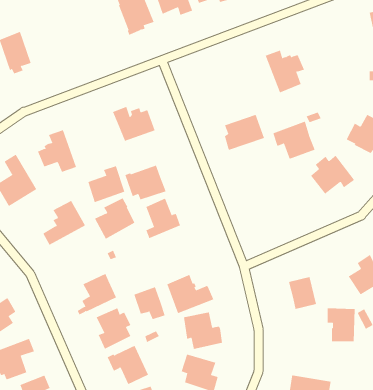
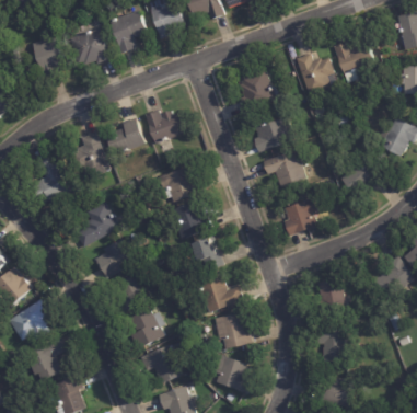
building: none -> [108,9,146,53]
building: none -> [67,26,109,64]
building: none -> [333,39,374,74]
building: none -> [238,68,283,113]
building: [272,121,316,160] -> [262,149,304,187]
building: [88,165,125,203] -> [106,117,143,154]
building: none -> [283,198,317,236]
building: [94,197,135,239] -> [92,238,132,279]
building: [133,287,166,320] -> [192,236,223,268]
building: [327,308,356,342] -> [317,328,346,362]

